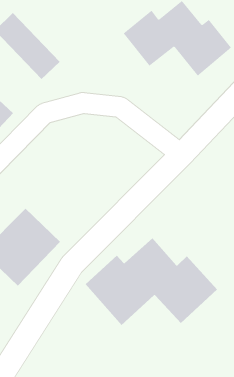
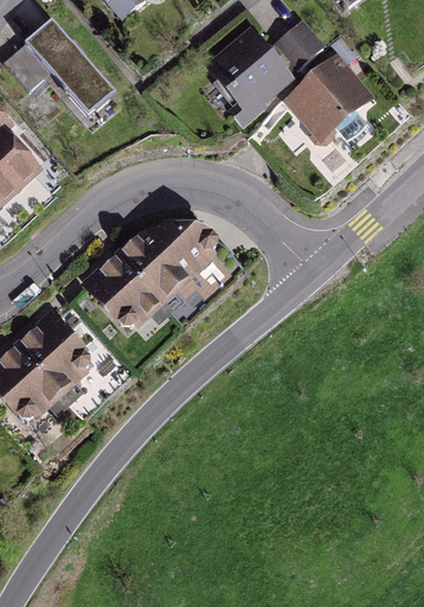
building: none -> [91,211,231,343]
building: [85,237,218,326] -> none

